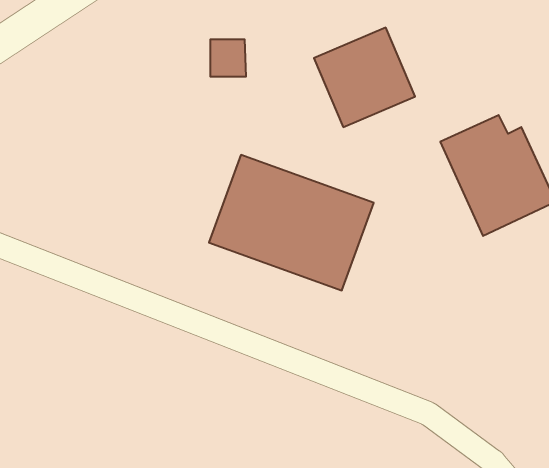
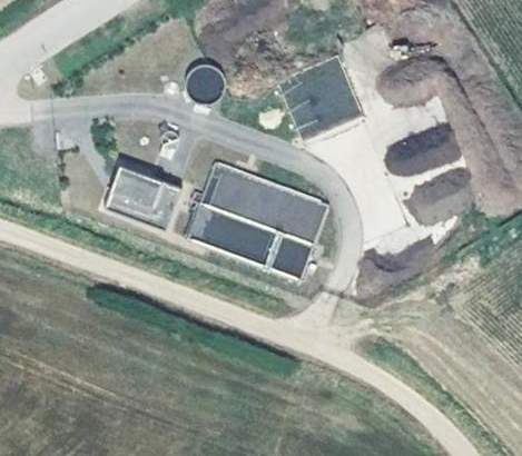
building: none -> [102,165,181,230]

